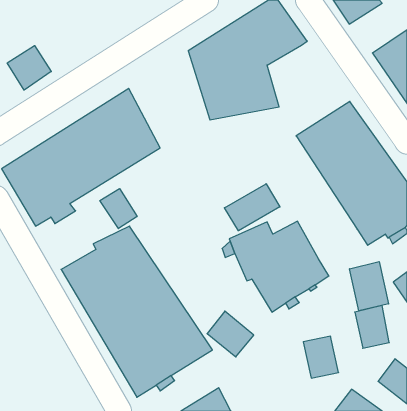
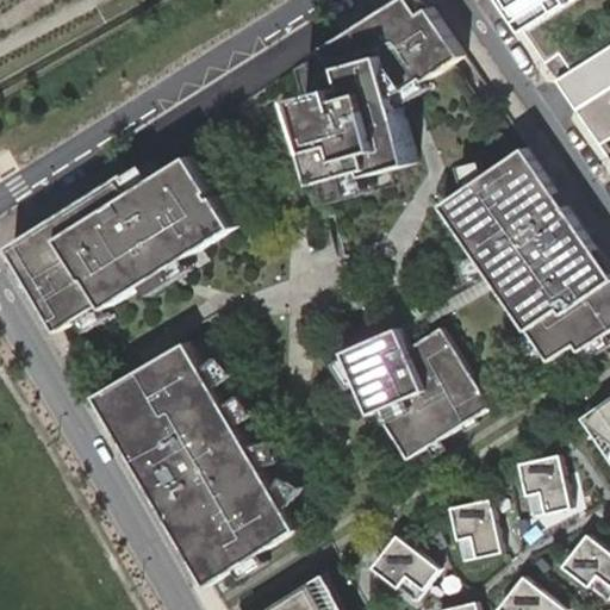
building: [7,46,51,90] -> none
building: [224,184,280,231] -> none
building: [100,189,137,229] -> none
building: [350,262,389,311] -> none
building: [207,311,254,357] -> [371,534,440,602]

